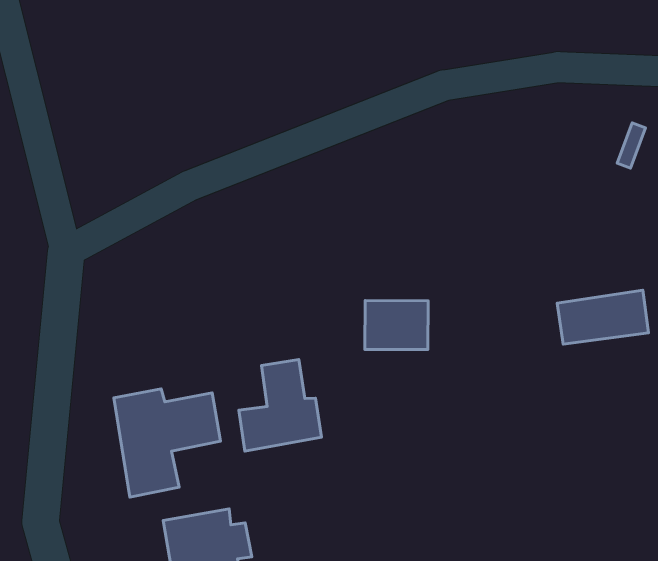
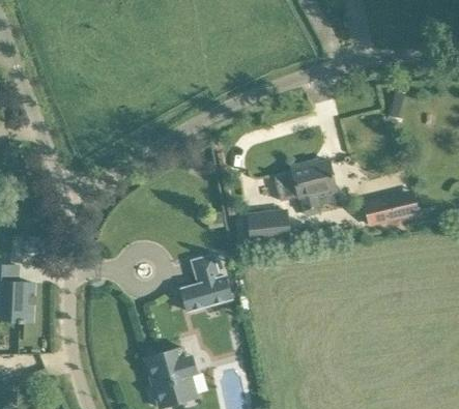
building: none -> [274,160,335,210]
building: [114,389,221,497] -> none

